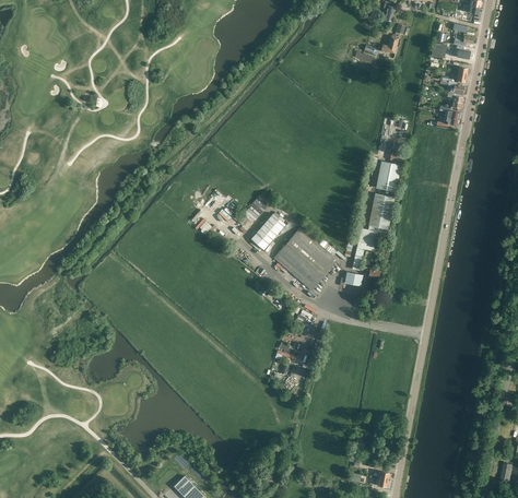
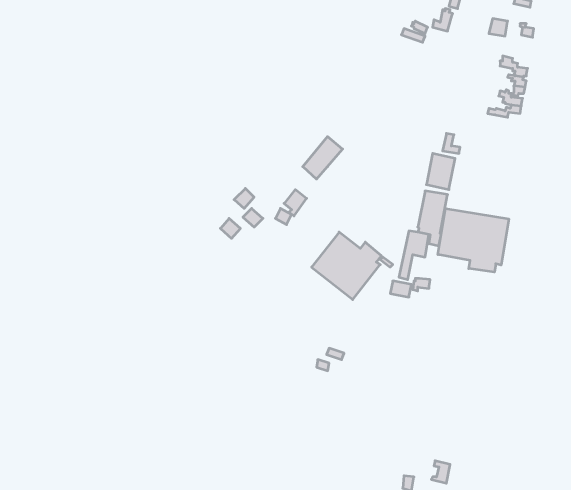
building: none -> [438,208,509,272]
building: [250,214,285,251] -> [303,137,343,179]

